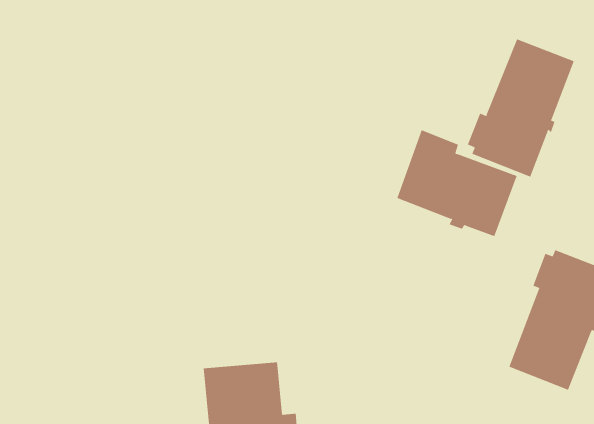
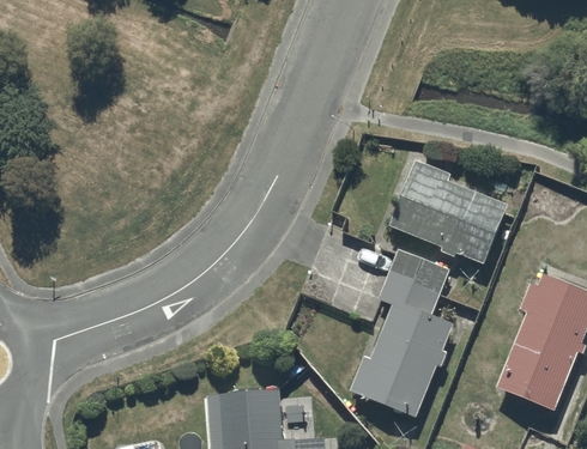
building: [467,38,575,177] -> none
building: none -> [350,248,452,418]

